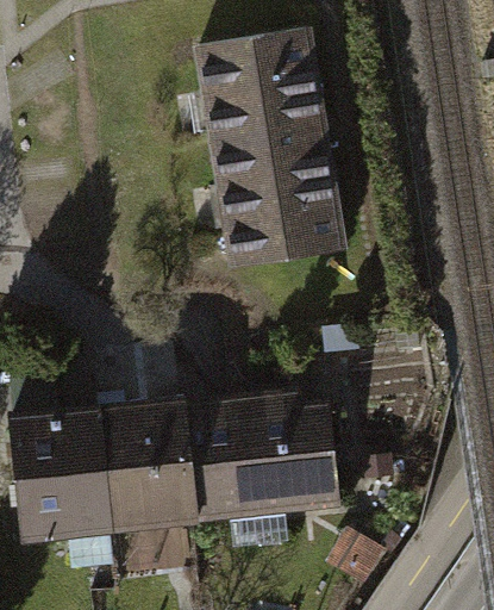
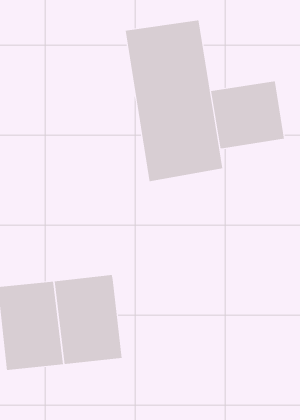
building: none -> [211,81,285,149]
building: [183,397,338,519] -> none

